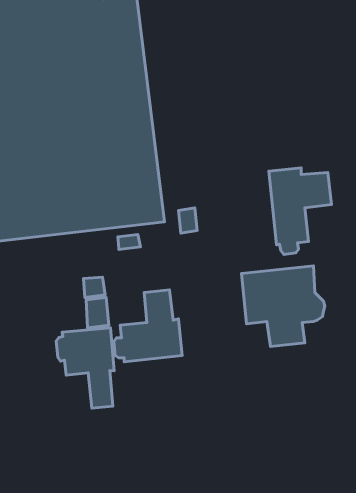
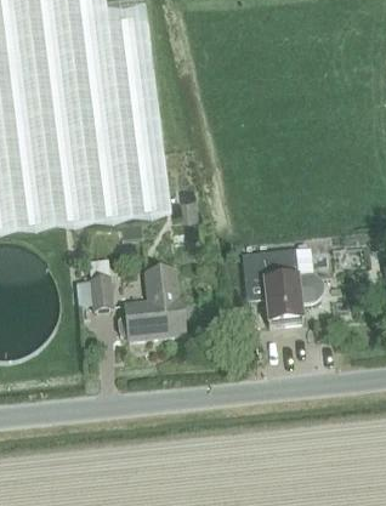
building: [269,168,331,254] -> none
building: [56,328,114,408] -> none

